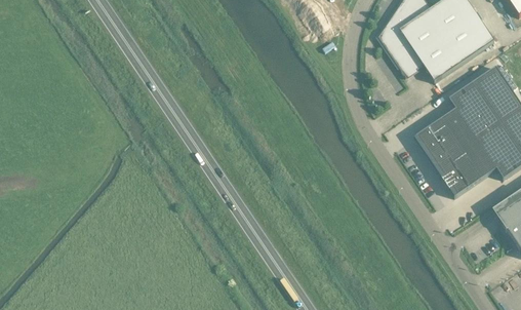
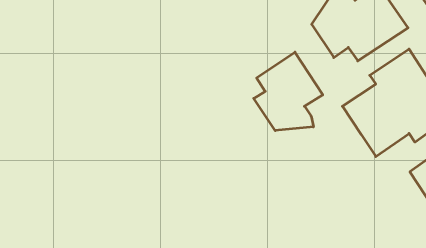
building: none -> [254,52,323,131]

